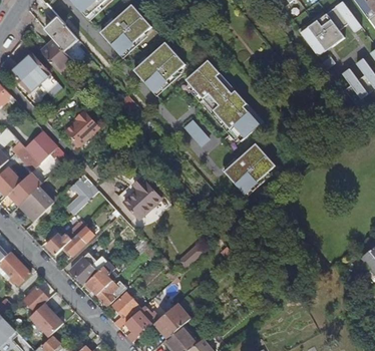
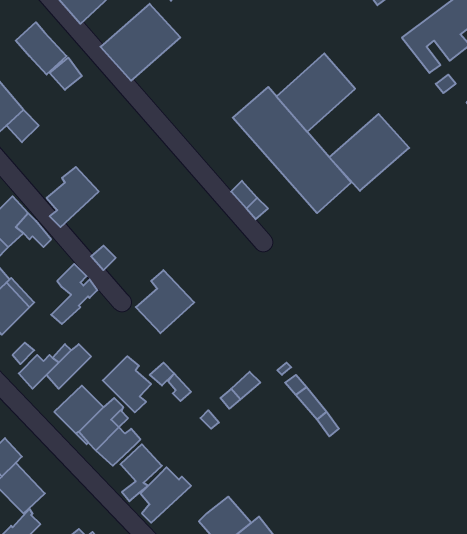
building: [40,38,70,70] -> none
building: [133,41,184,92] -> [277,53,355,132]
building: [224,142,276,193] -> [329,114,409,191]
building: none -> [103,356,151,412]
building: [155,303,190,336] -> none

